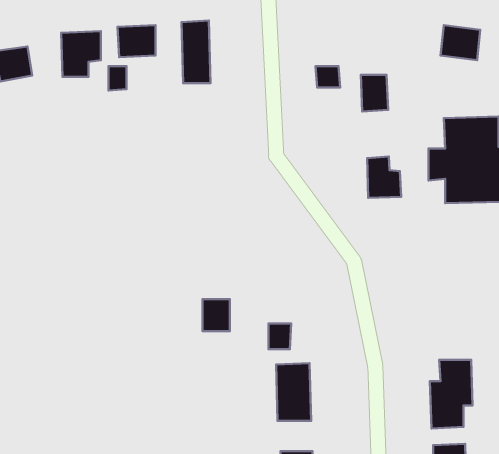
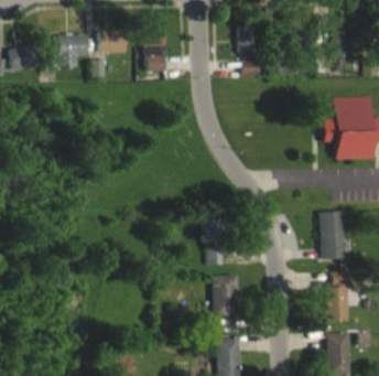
building: [361,75,388,111] -> [237,26,257,53]
building: [367,157,401,198] -> none
building: none -> [321,212,345,260]
building: [202,299,230,331] -> [203,218,223,241]

